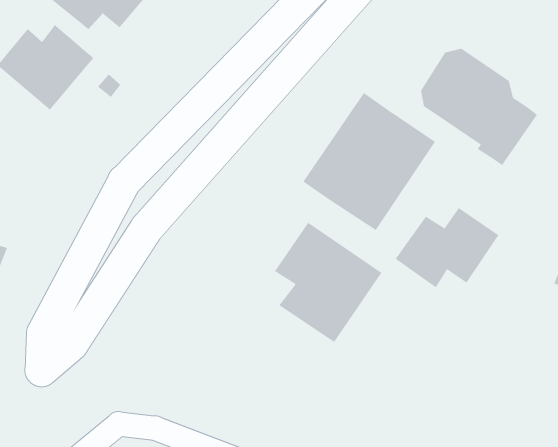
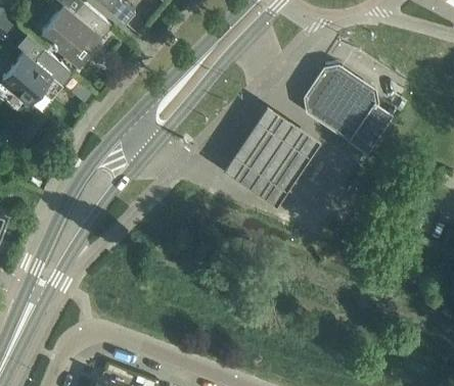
building: [395,207,499,288] -> none
building: [274,222,382,343] -> none

